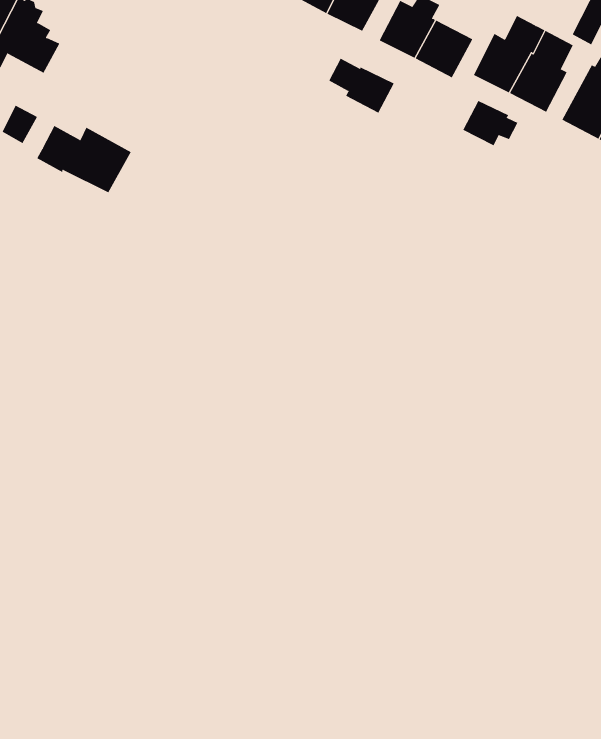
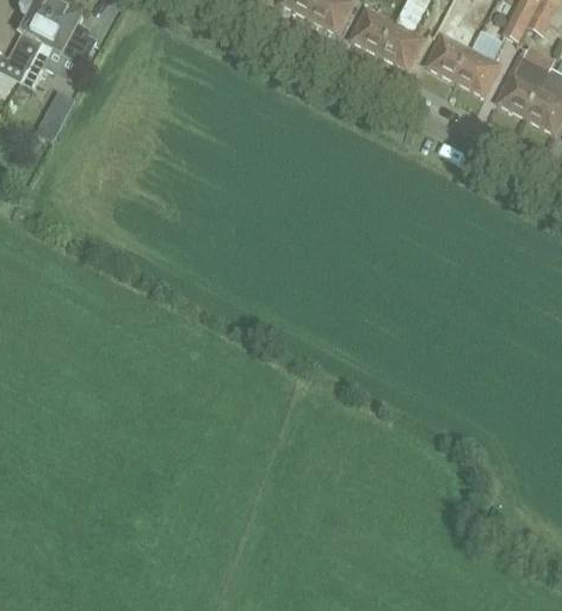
building: [329,58,394,113] -> none
building: [462,100,518,146] -> none
building: [37,125,131,193] -> none

